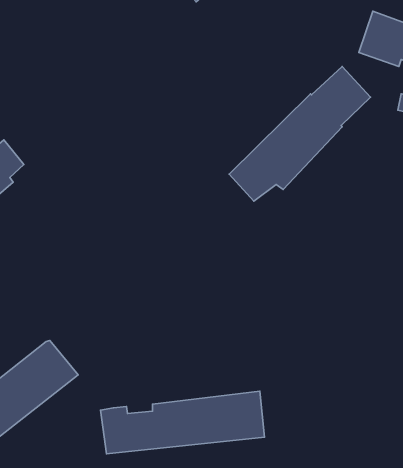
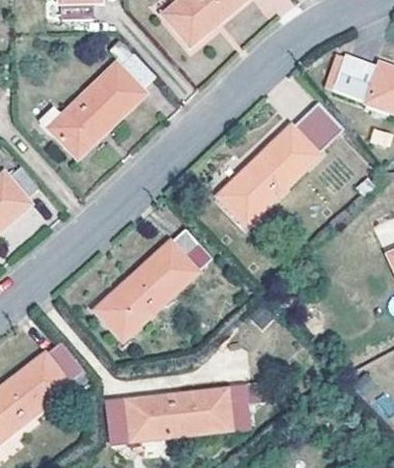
building: none -> [48,54,153,158]
building: none -> [94,228,210,334]

